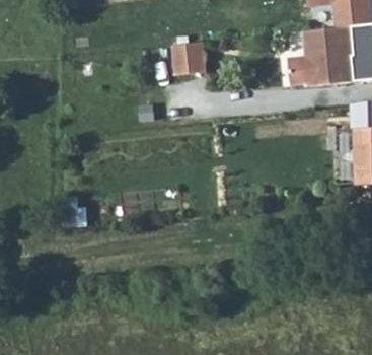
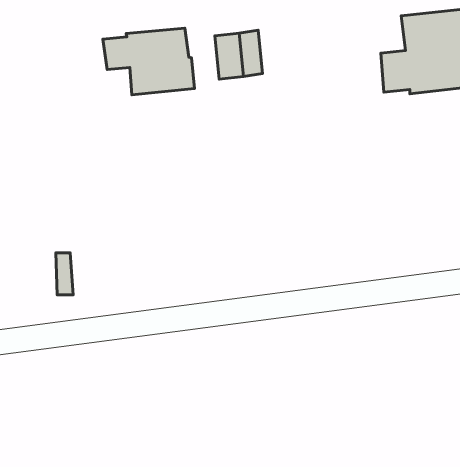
building: none -> [103,28,194,95]

